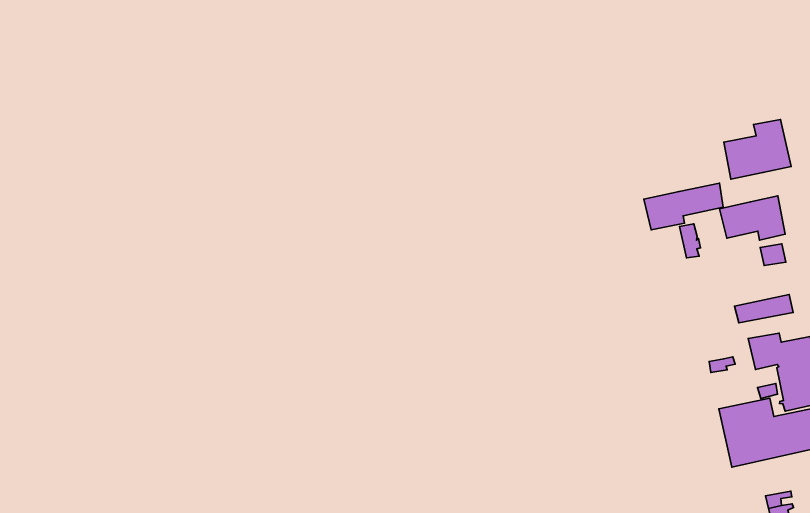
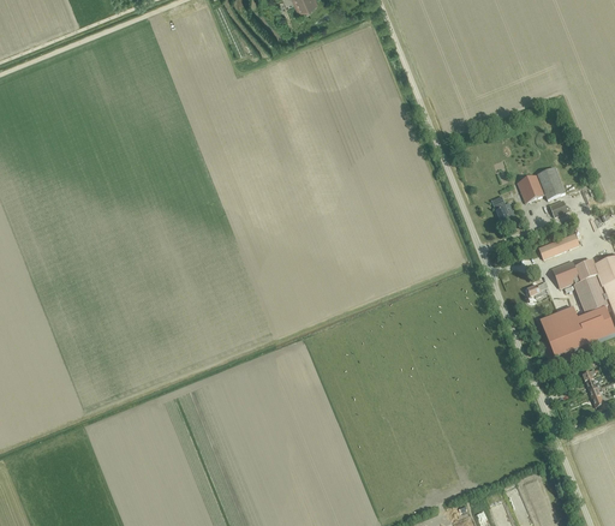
building: [724,119,791,179] -> none
building: [644,183,723,230] -> none

